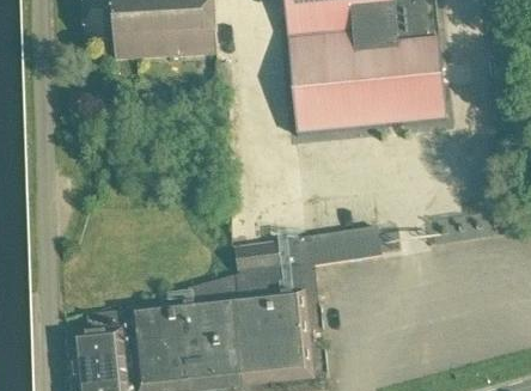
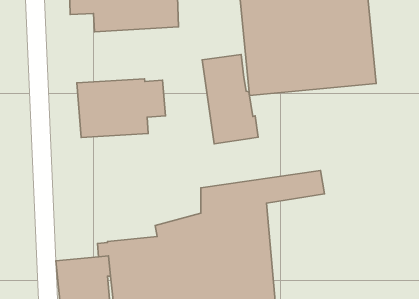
building: none -> [202,55,258,144]
building: none -> [77,79,166,137]

